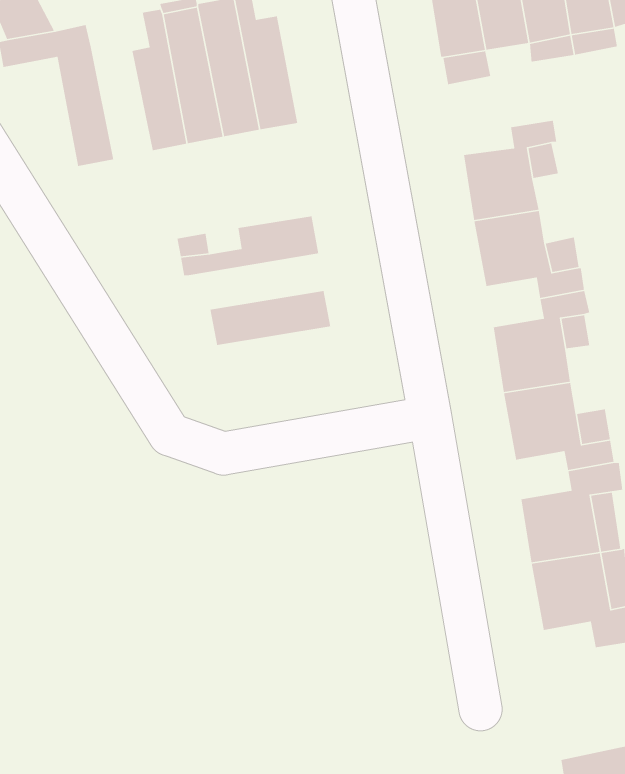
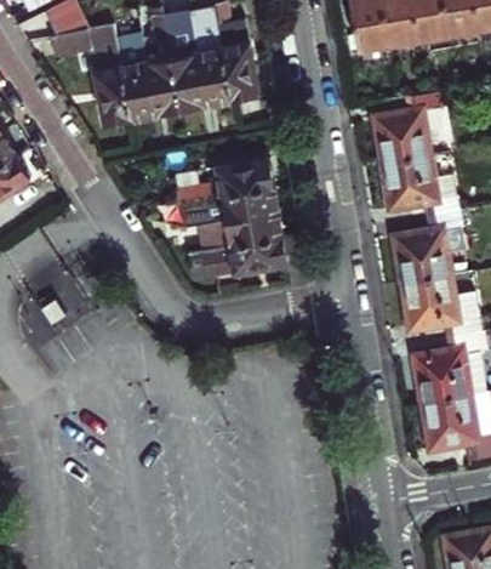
building: none -> [115,35,158,120]
building: none -> [182,186,278,227]
building: none -> [188,234,306,279]

